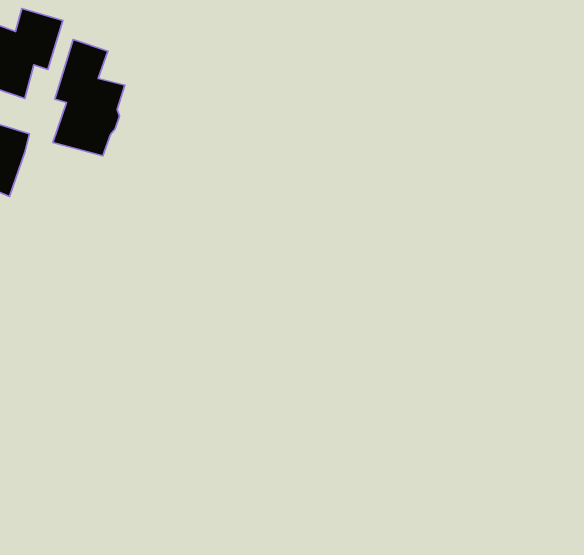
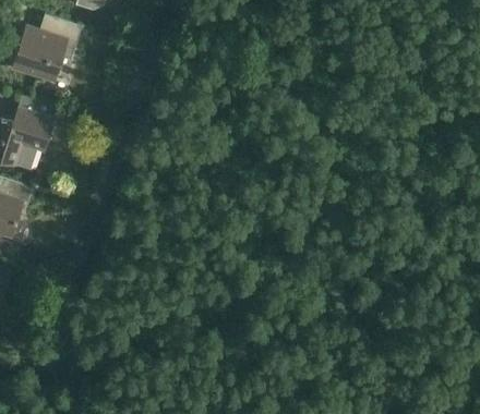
building: [53,40,125,156] -> none

